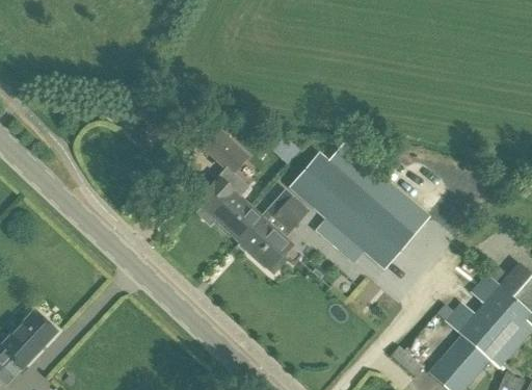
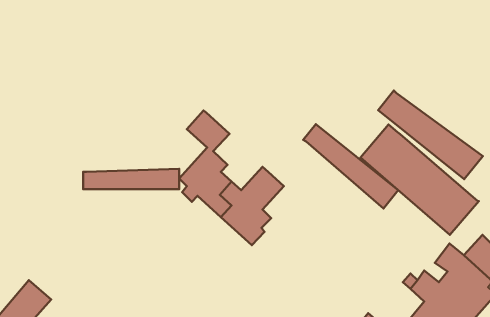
building: none -> [378,90,483,179]
building: [289,152,416,270] -> [361,125,479,235]
building: none -> [83,169,179,189]

